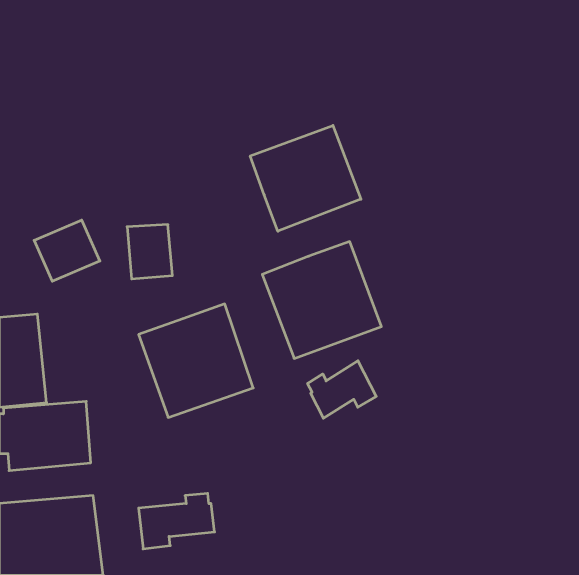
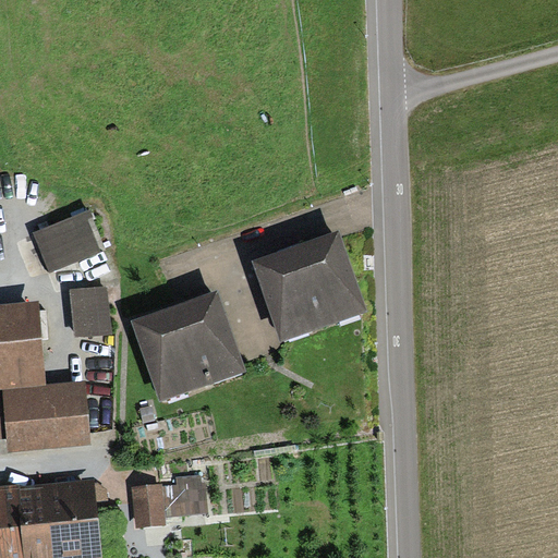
building: [250,125,361,231] -> none
building: [127,225,172,279] -> [68,283,111,336]
building: [308,361,376,418] -> none

